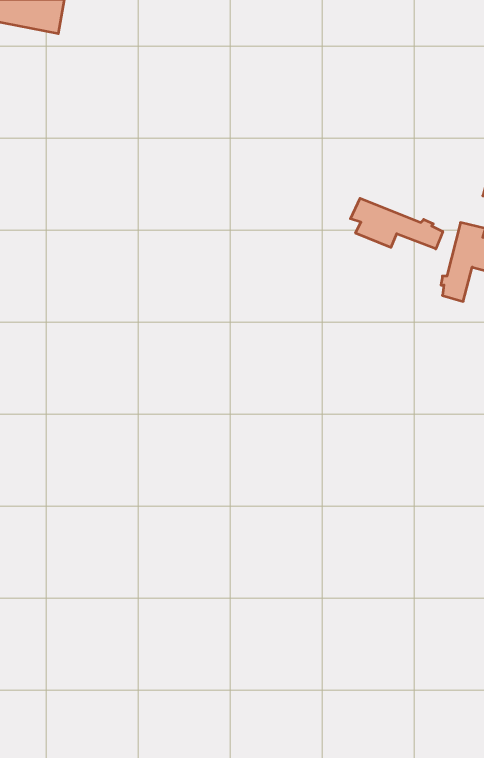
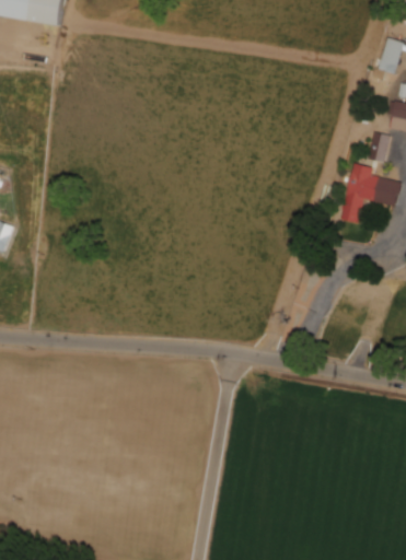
building: [350,198,443,249] -> none

